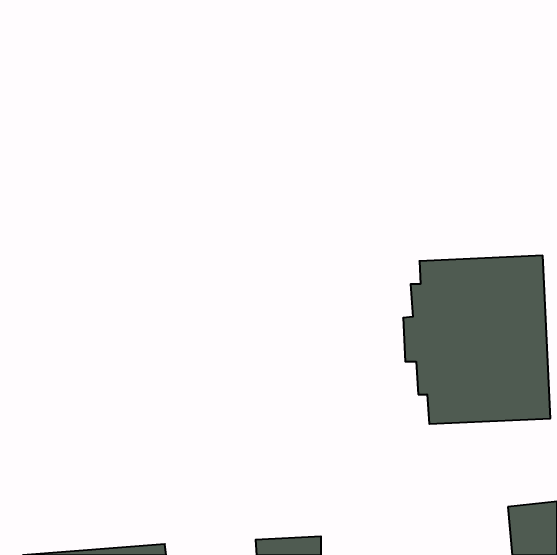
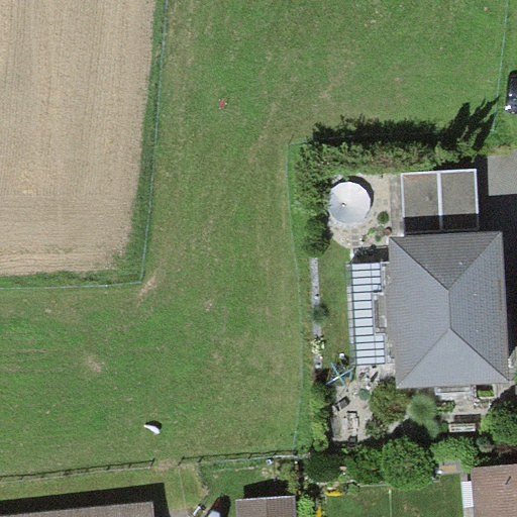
building: none -> [403,169,480,233]

